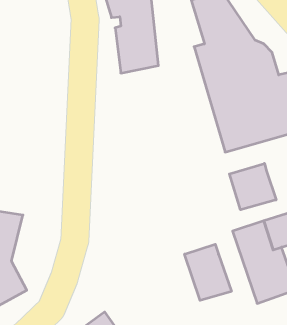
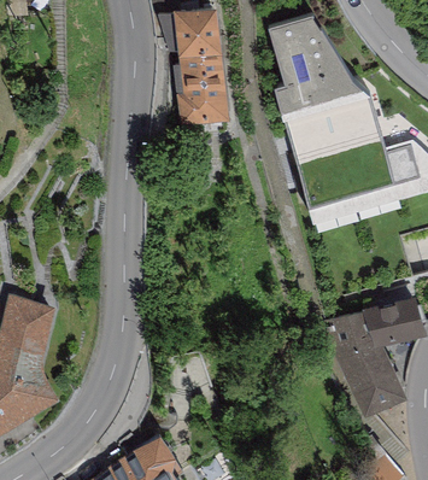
building: [229,163,276,210] -> none
building: [185,244,231,300] -> none

